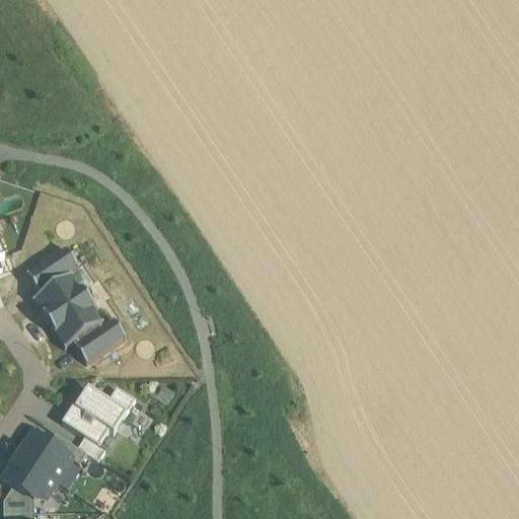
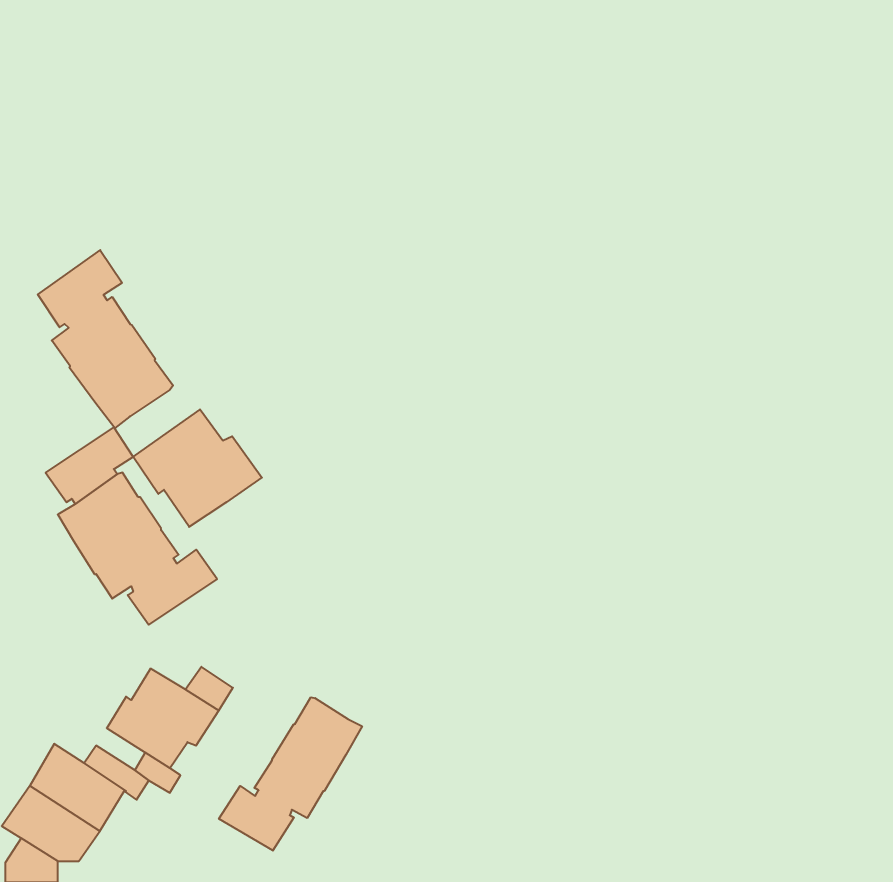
building: none -> [38,250,173,428]
building: none -> [133,409,262,527]
building: none -> [219,697,362,851]

